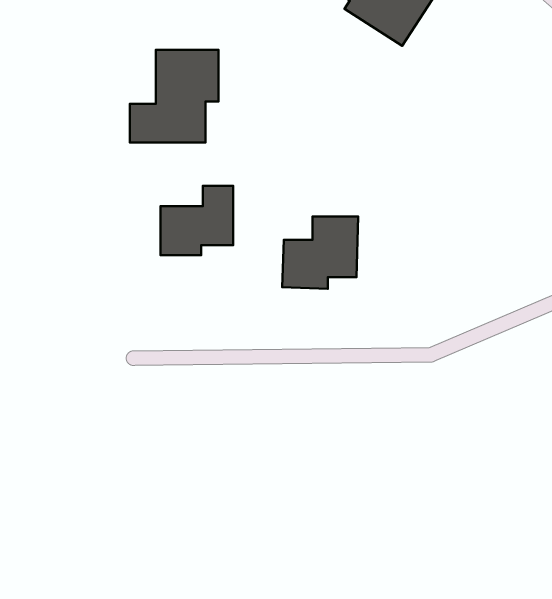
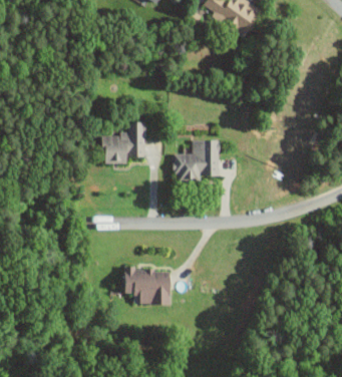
building: [130,50,219,143] -> none
building: none -> [123,269,169,305]

